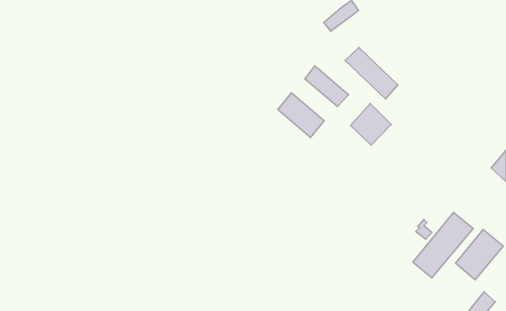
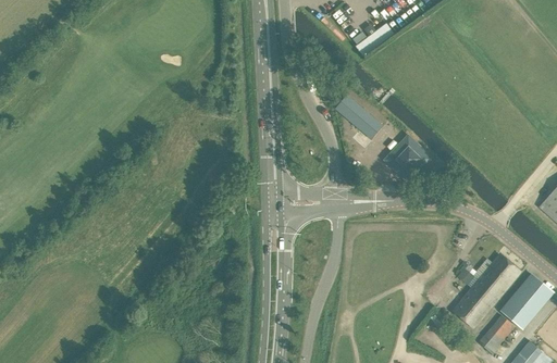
building: [345,48,398,99] -> none
building: [278,93,324,138] -> none
building: none -> [478,314,516,354]

